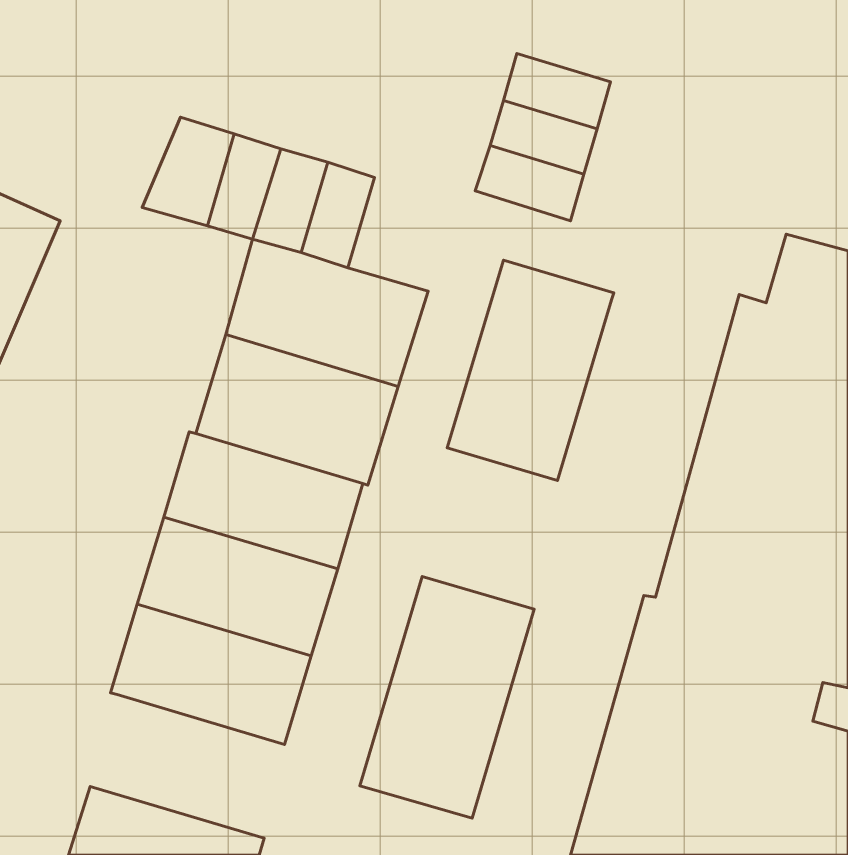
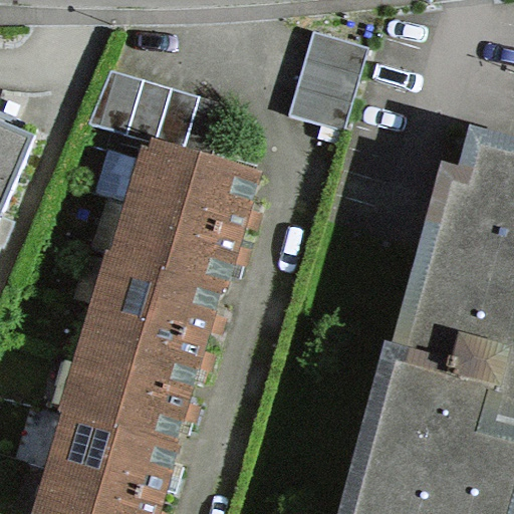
building: [447,260,614,481] -> none
building: [360,577,534,818] -> none
building: none -> [54,417,176,503]

